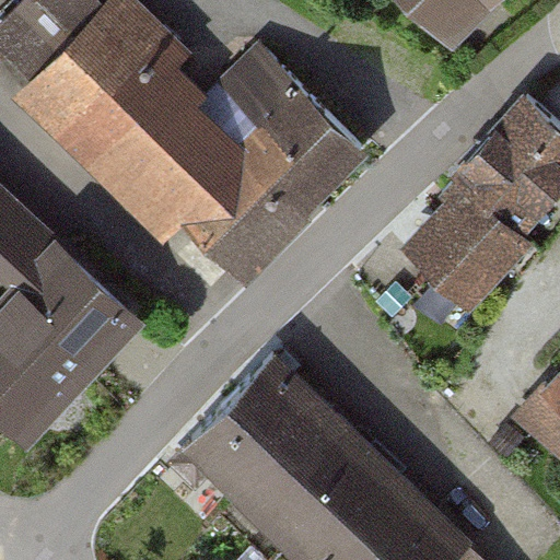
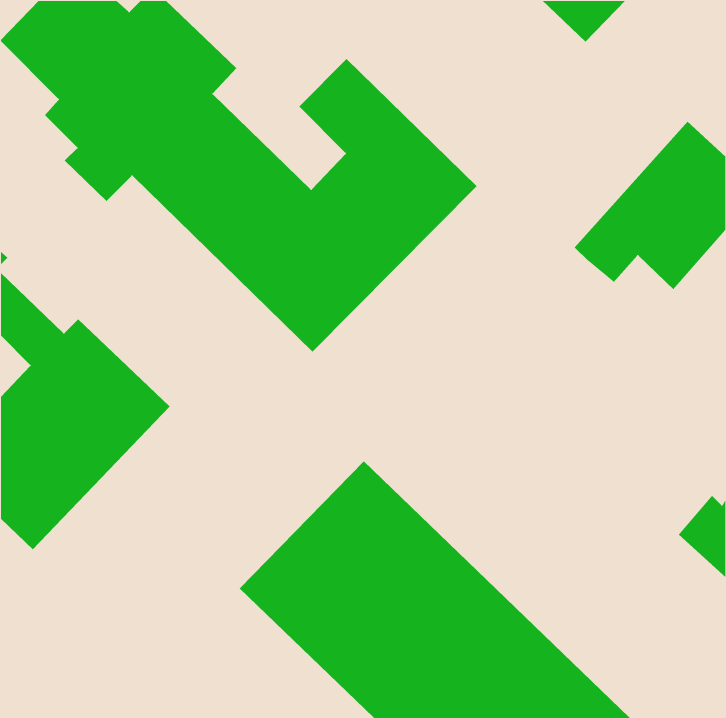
building: [412,203,527,305] -> none

